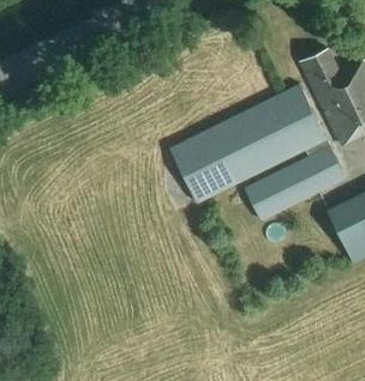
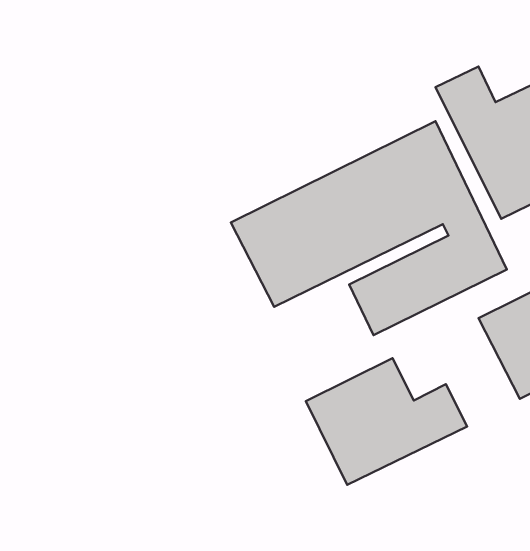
building: none -> [306,358,467,485]

